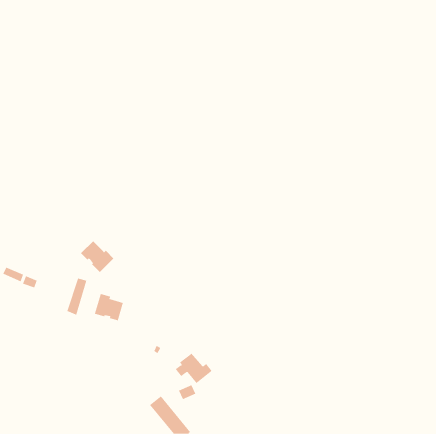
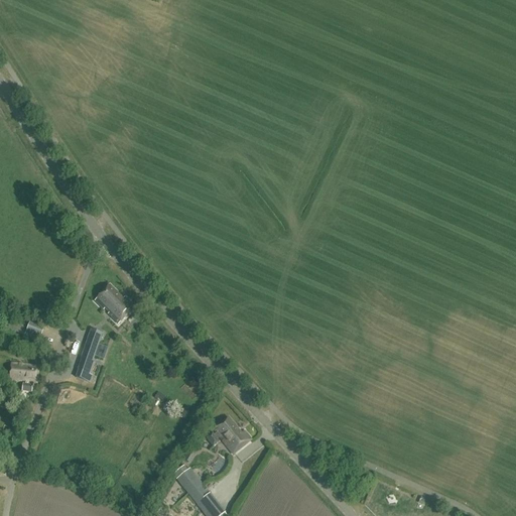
building: [94,293,124,321] -> none
building: none -> [10,361,39,380]

